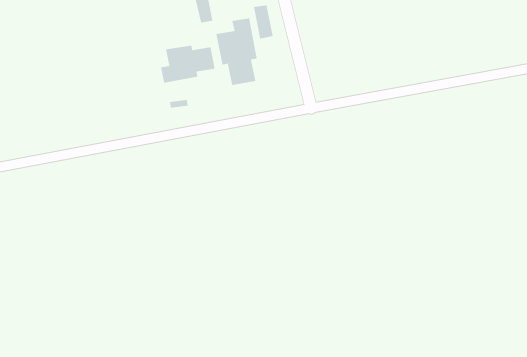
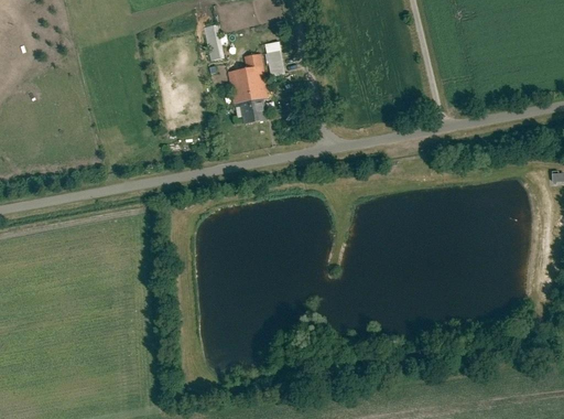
building: [161,45,215,83] -> none

